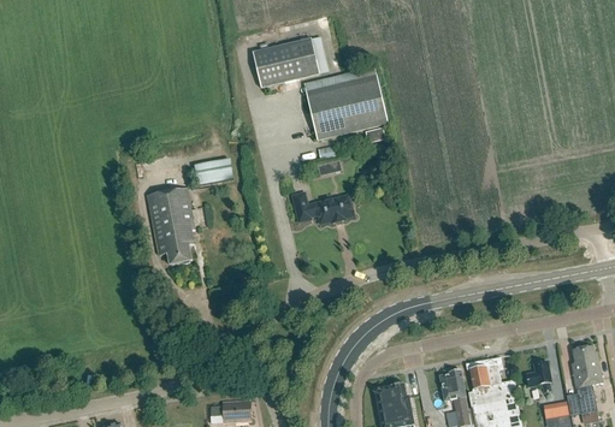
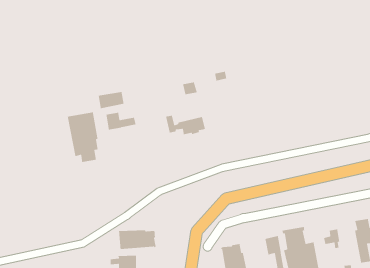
building: [252,37,319,87] -> none
building: [306,75,388,138] -> none
building: none -> [106,112,136,131]
building: none -> [118,229,157,250]

